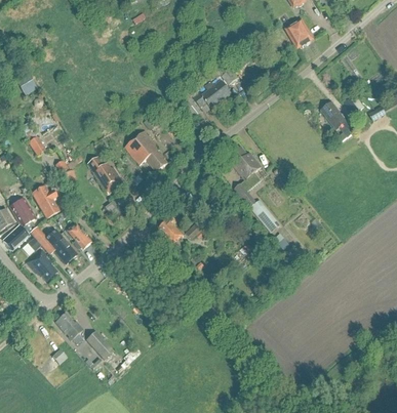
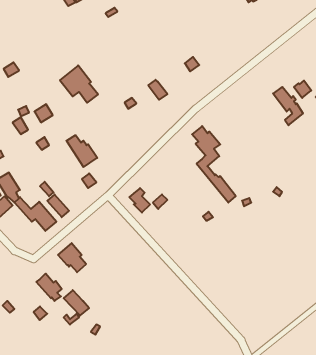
building: [285,19,312,47] -> none
building: [193,80,231,108] -> none
building: [124,129,167,171] -> [60,65,98,103]
building: [30,184,57,217] -> none
building: [25,247,56,280] -> [58,243,86,272]

